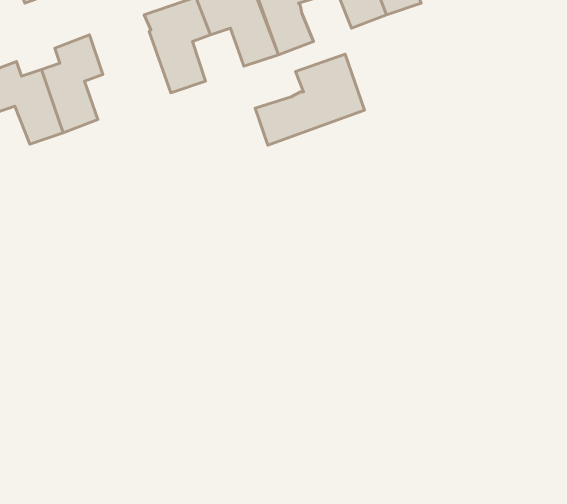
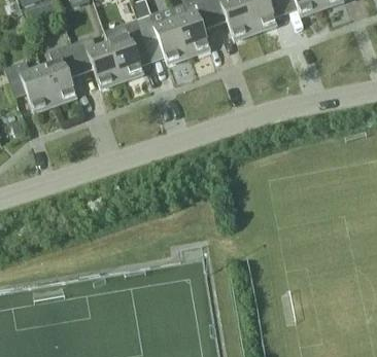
building: none -> [72,35,123,87]
building: [255,54,365,145] -> none

